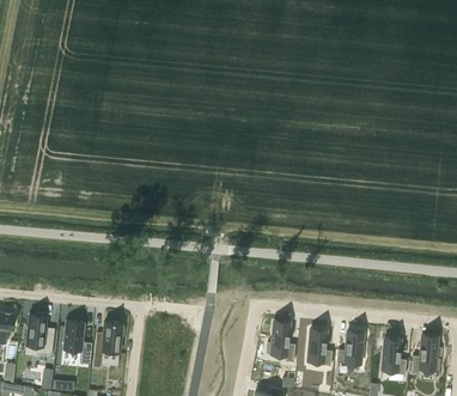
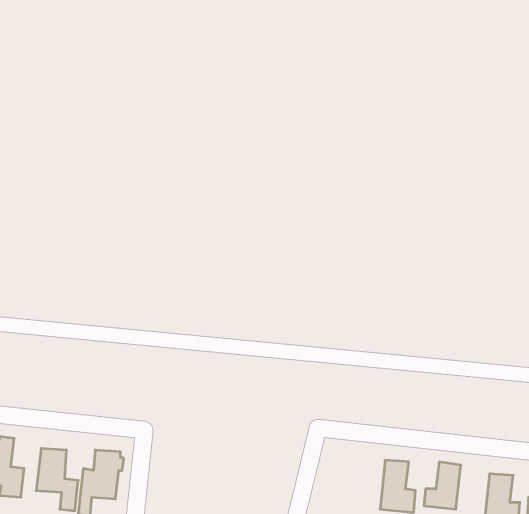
building: [266,323,294,361] -> none

